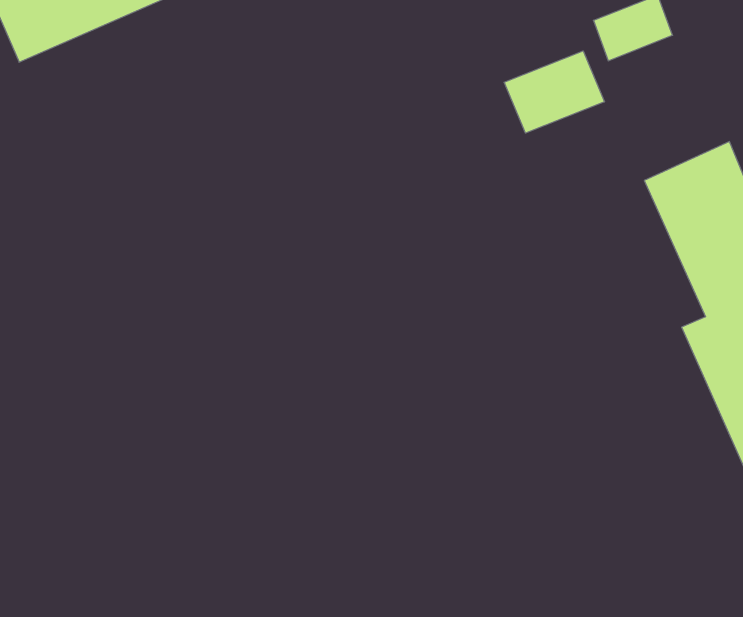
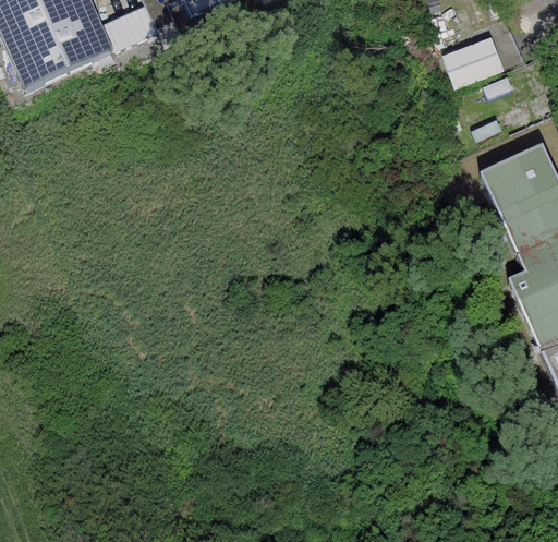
building: [504,51,604,133] -> none

